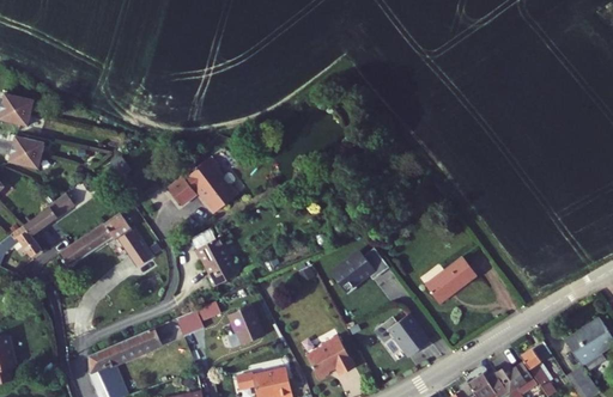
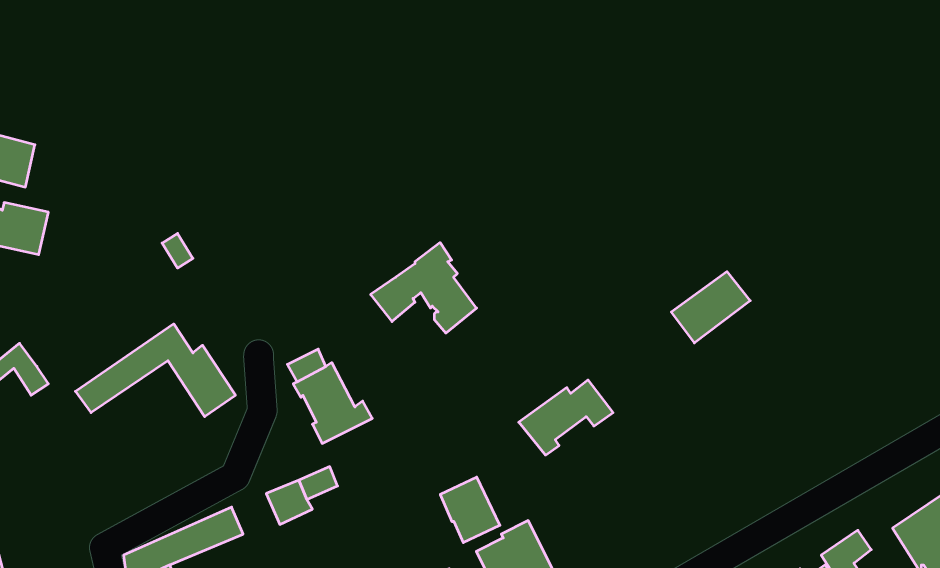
building: [168,157,233,213] -> [371,243,477,333]
building: [23,194,73,240] -> none
building: [425,258,474,303] -> [671,272,750,343]
building: [226,304,263,344] -> [440,477,500,543]
building: [376,313,430,354] -> none

